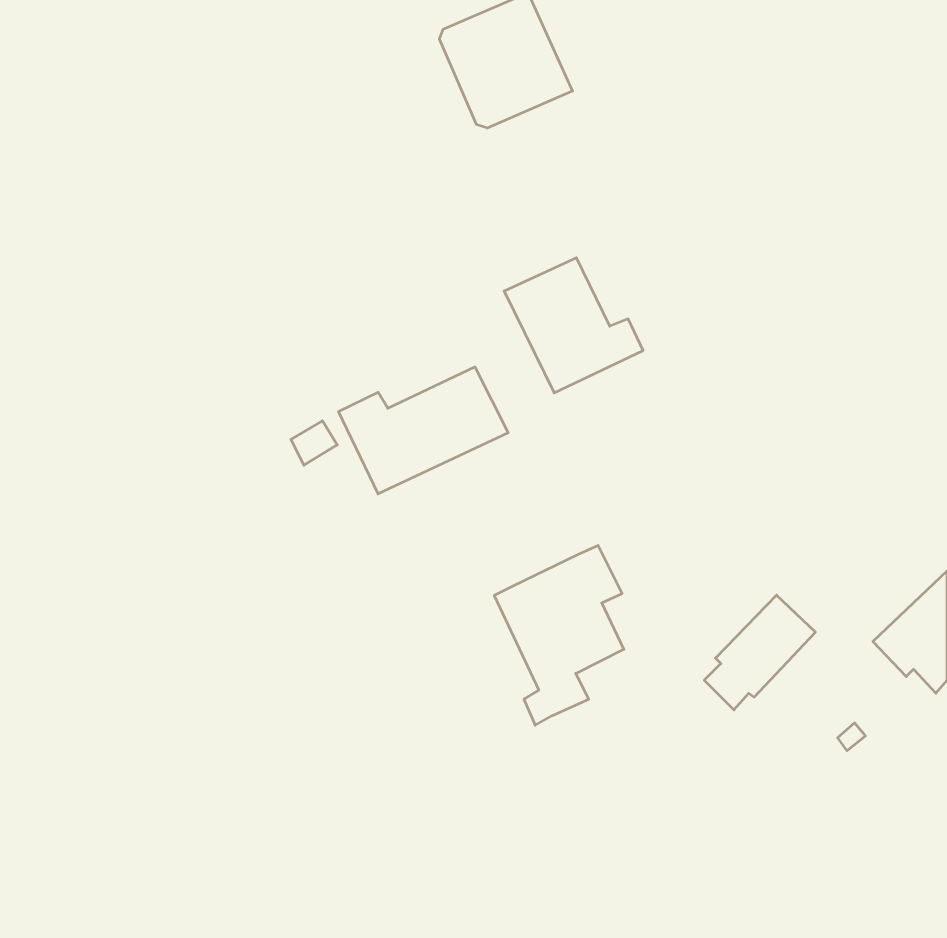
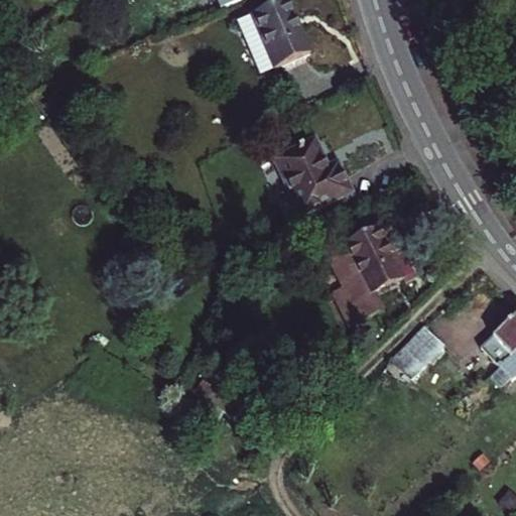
building: [339,367,508,494] -> none
building: [494,545,624,725] -> [332,220,402,317]

